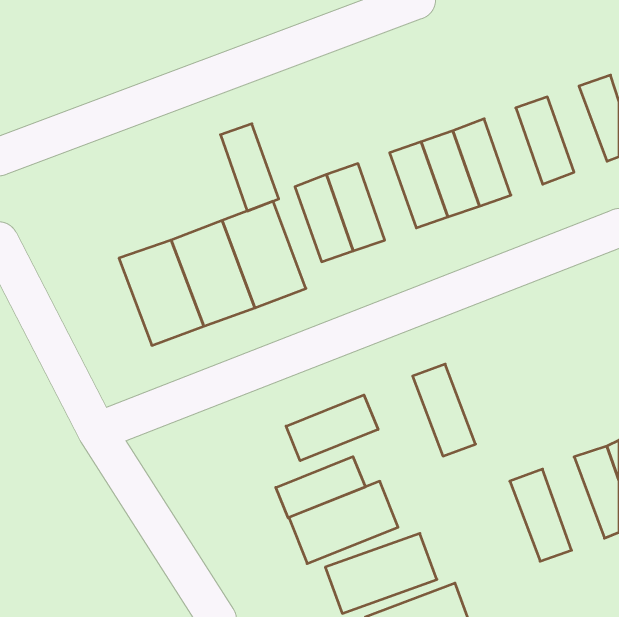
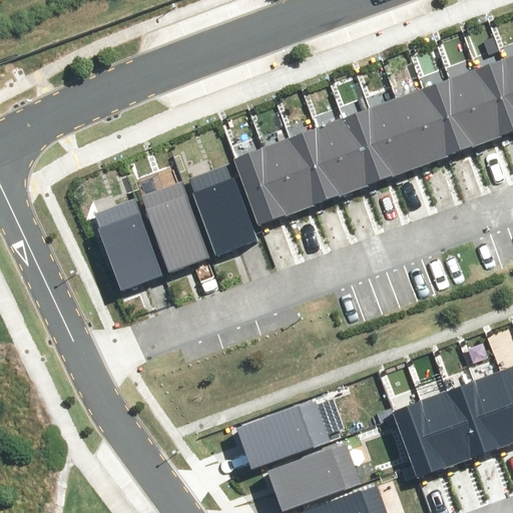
building: none -> [452,73,501,144]
building: none -> [400,91,448,163]
building: [220,124,279,211] -> [296,128,344,200]
building: [413,364,476,456] -> [394,400,446,476]
building: [286,395,378,461] -> none
building: [276,457,365,518] -> none
building: none -> [448,380,499,457]

